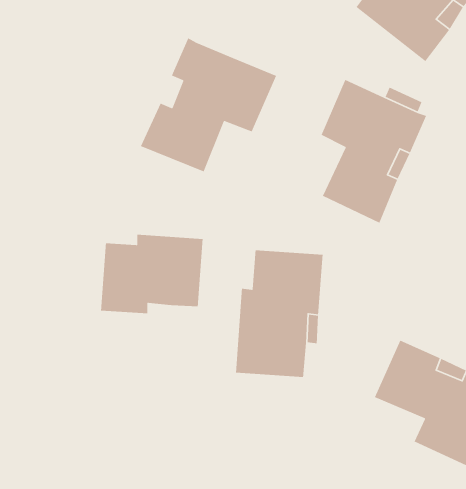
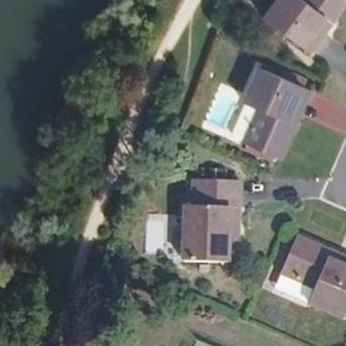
building: [140,37,277,172] -> none
building: [100,234,204,314] -> none

